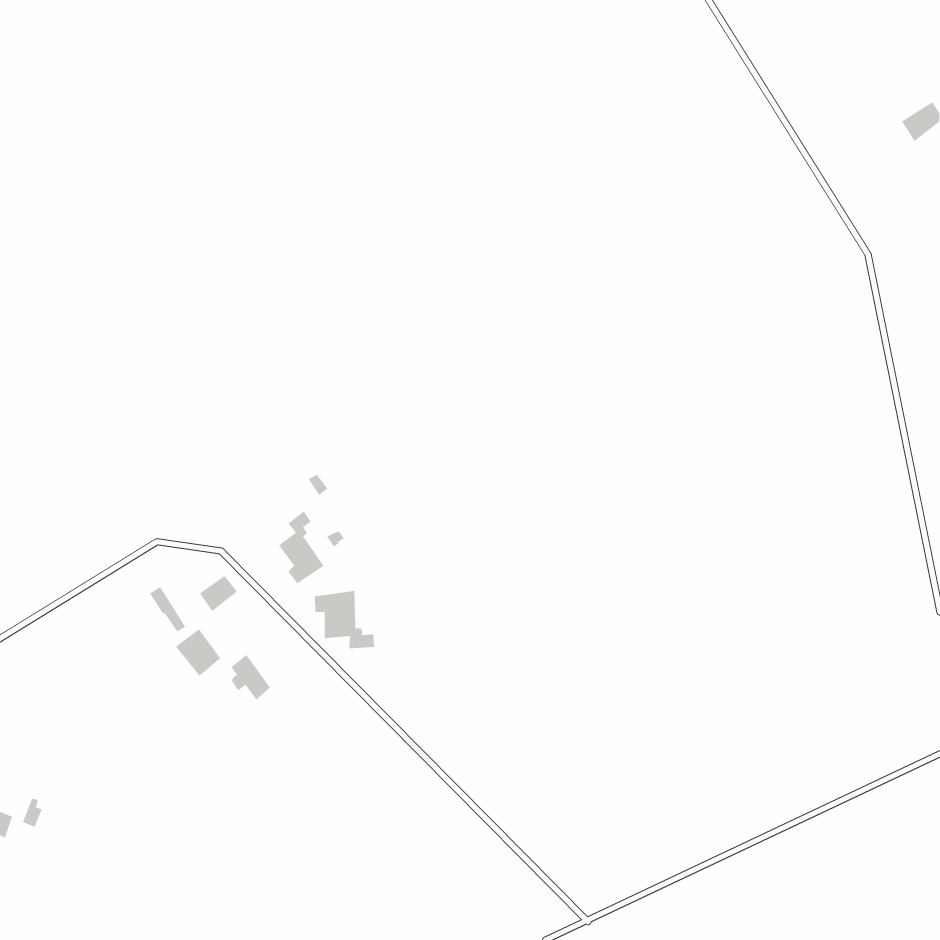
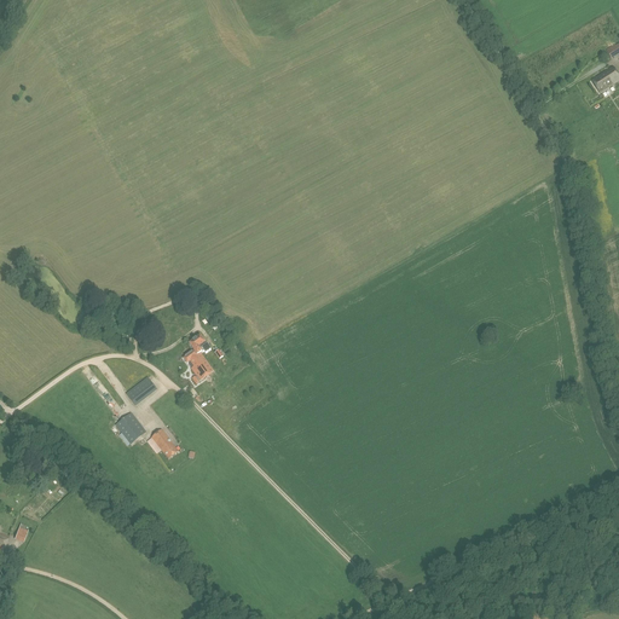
building: [315,590,374,649] -> none

